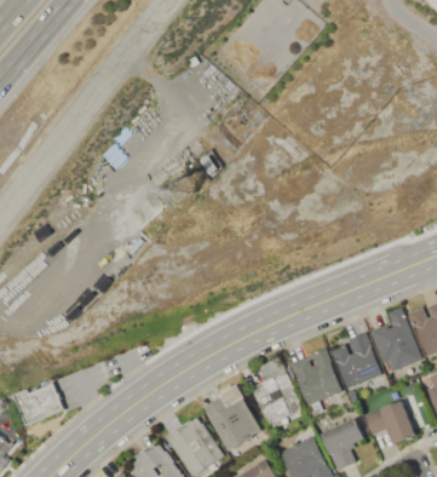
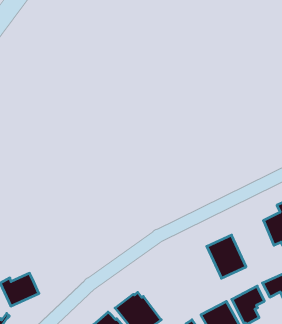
building: [330,333,381,389] -> none
building: [251,372,303,426] -> none
building: [203,385,263,450] -> none

